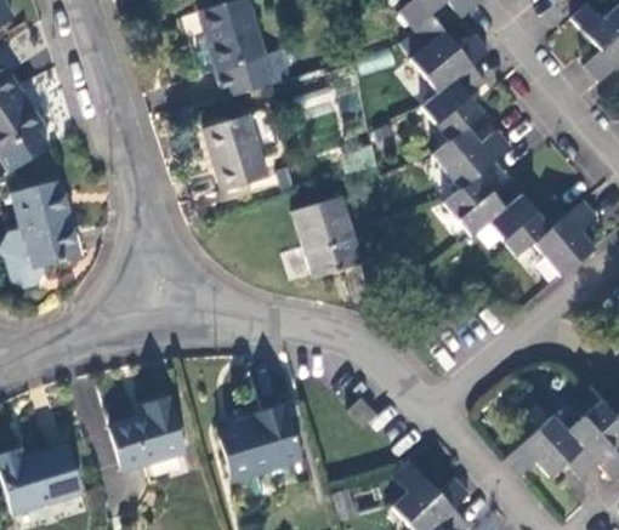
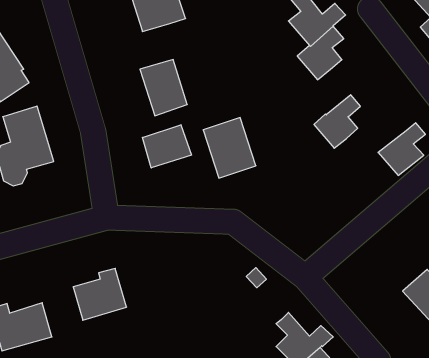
building: [244,50,291,90] -> none
building: [431,126,510,189] -> none
building: [488,194,584,253] -> none
building: none -> [142,125,191,168]
building: [220,405,301,480] -> none
building: [504,417,595,480] -> none

